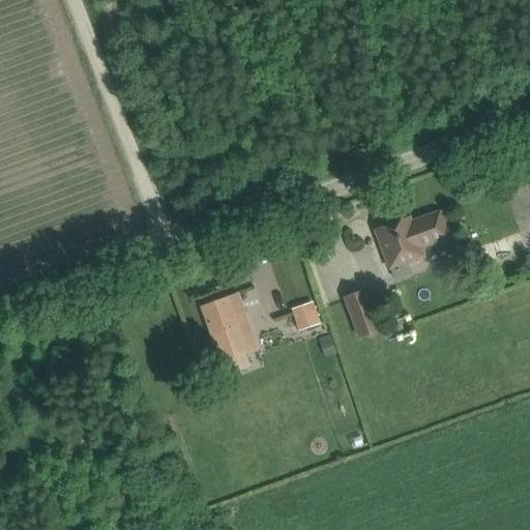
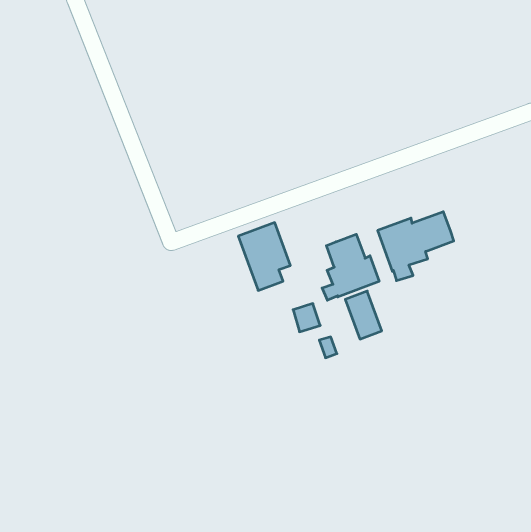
building: none -> [322,234,379,300]
building: [201,293,253,360] -> [238,223,290,290]

